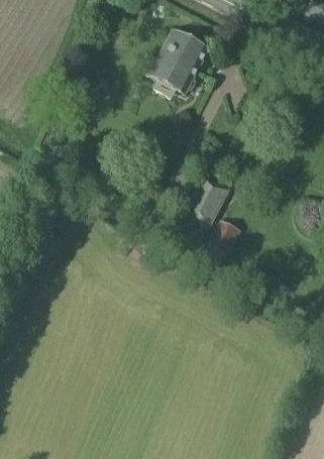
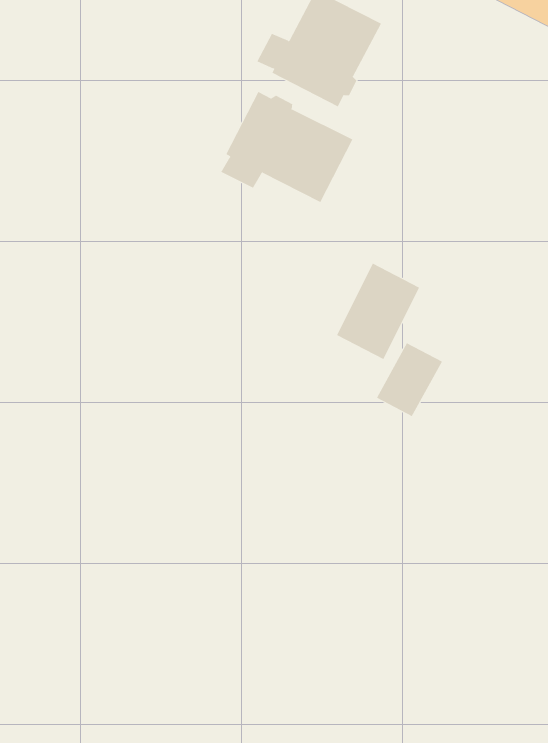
building: none -> [220,91,353,203]

